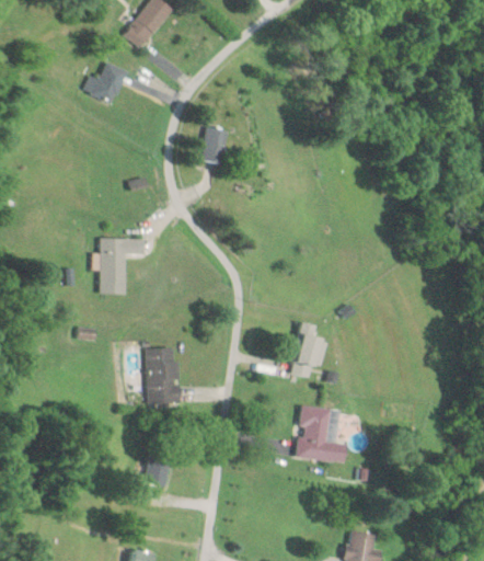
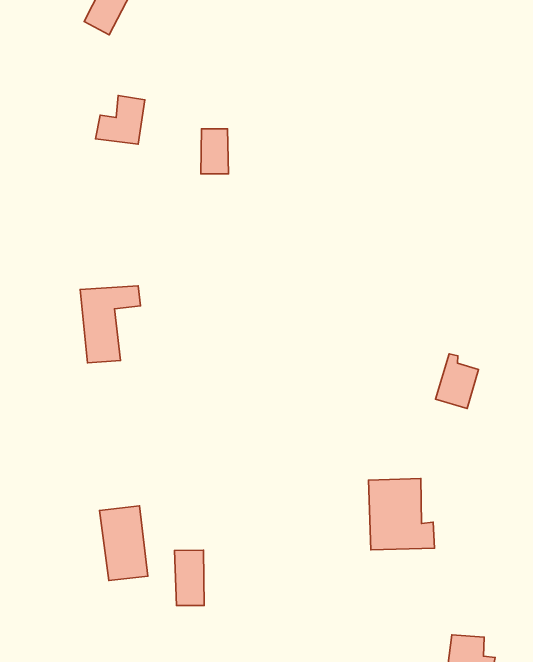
building: [83,62,124,101] -> [96,96,145,144]
building: [291,325,326,368] -> [435,354,478,409]
building: [146,350,176,403] -> [99,506,148,580]

